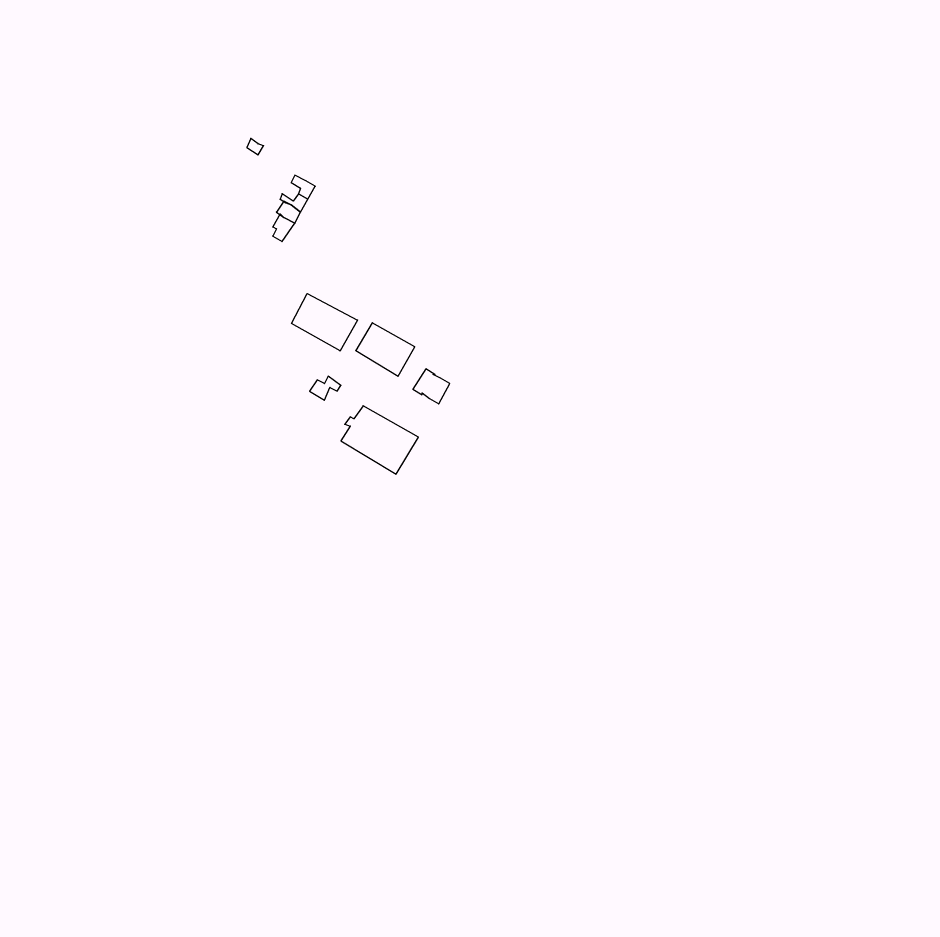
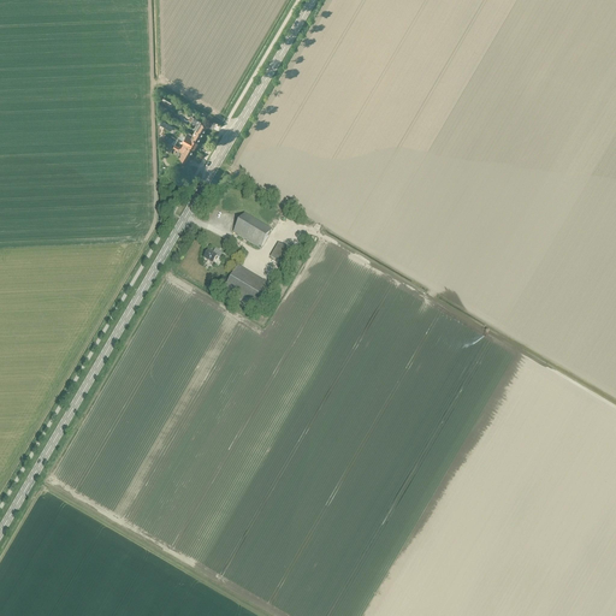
building: [292,294,358,351] -> none

